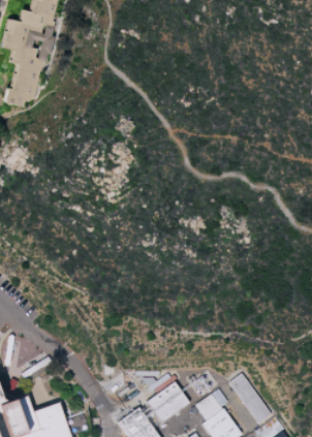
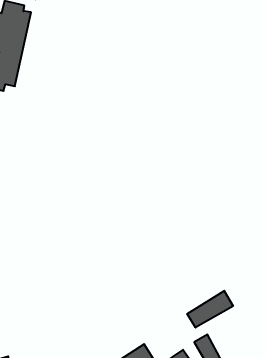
building: none -> [187,291,233,328]

